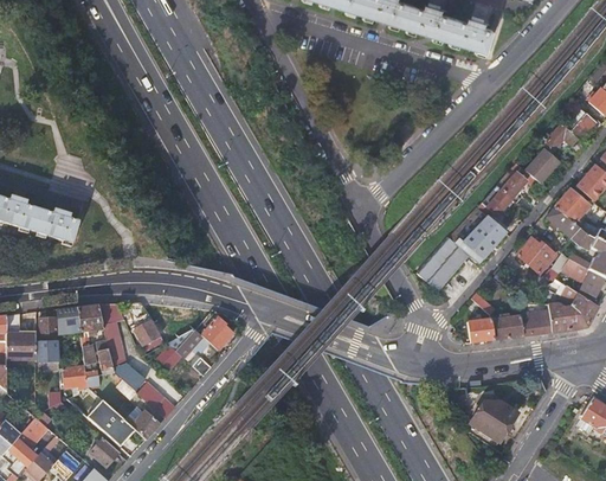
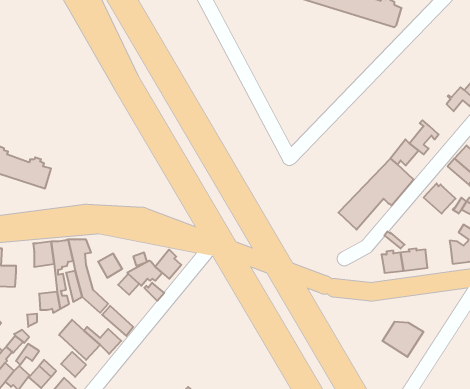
building: [526,148,561,184] -> none
building: [521,312,553,336] -> none
building: [36,318,60,363] -> none

